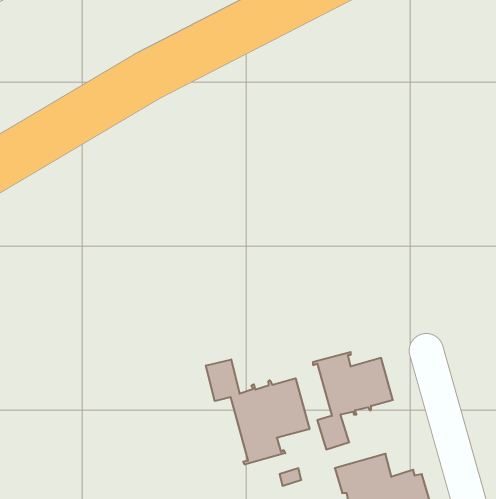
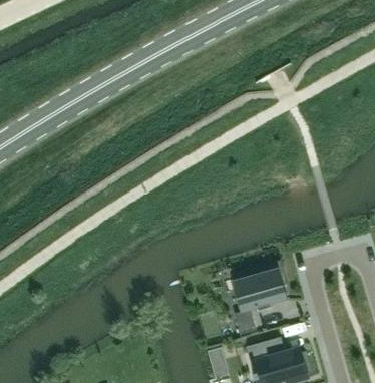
building: [206,359,309,465] -> none

